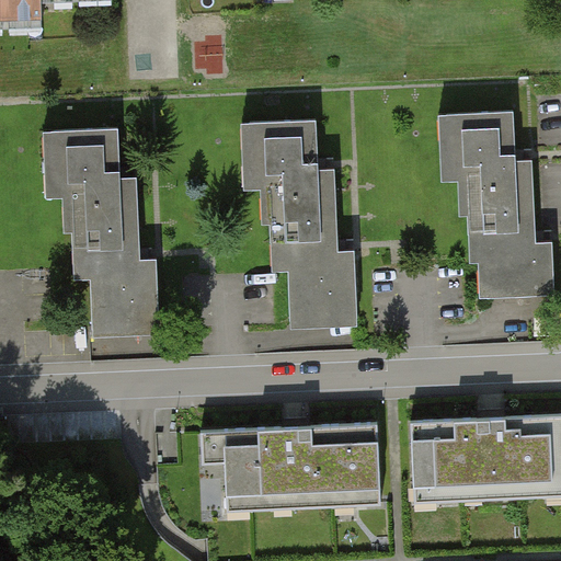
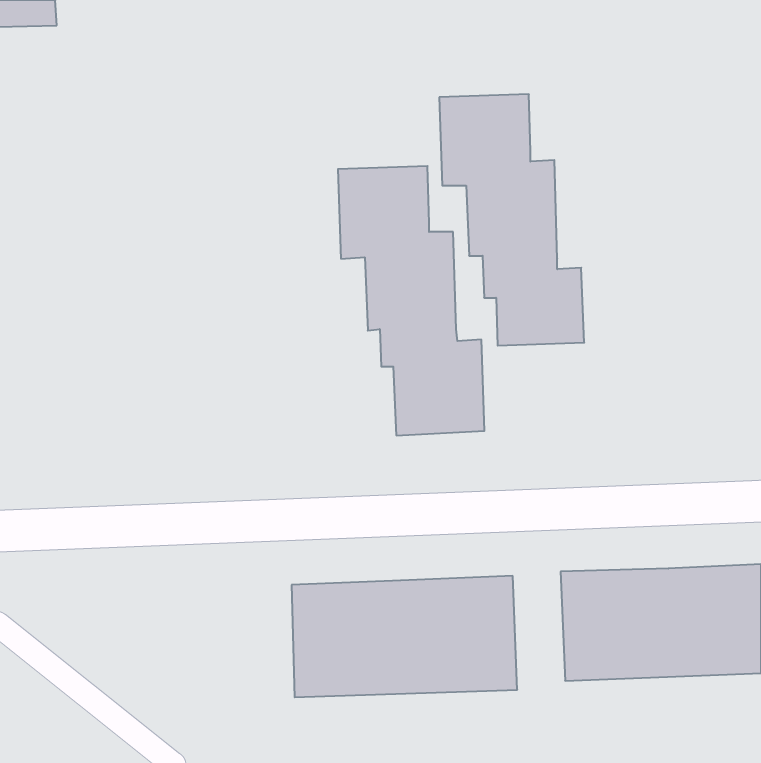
building: [445,114,551,298] -> [439,94,584,346]
building: [50,130,157,328] -> none

